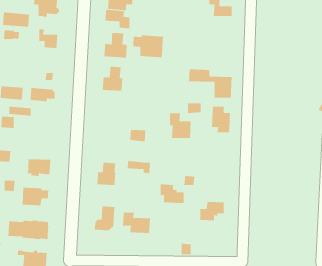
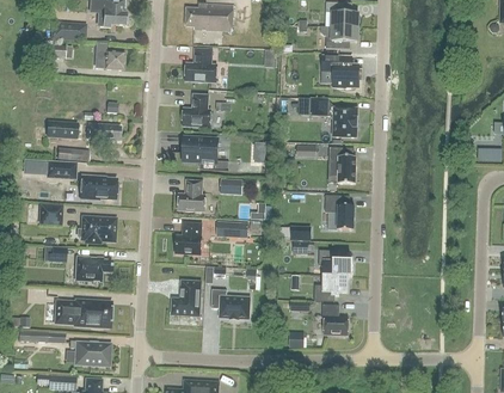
building: none -> [320,25,358,48]
building: [133,34,164,58] -> none
building: none -> [322,55,362,87]
building: none -> [183,136,219,162]
building: [169,113,192,139] -> [325,195,355,229]
building: none -> [80,174,117,198]
building: none -> [178,179,205,211]
building: [160,184,185,203] -> [319,250,352,276]
building: none -> [322,305,349,334]

